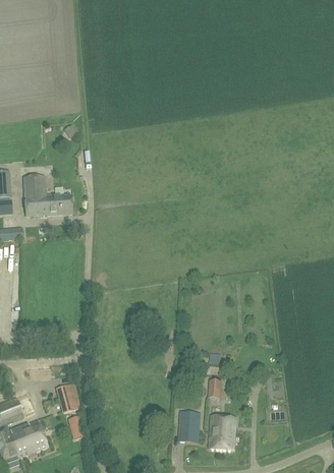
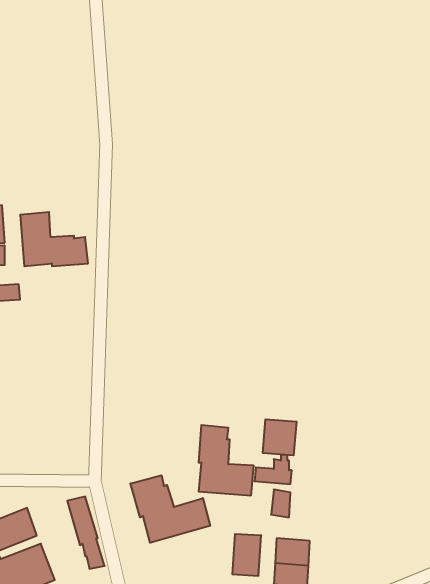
building: none -> [263,419,297,455]
building: none -> [199,425,253,496]
building: none -> [130,475,210,543]

